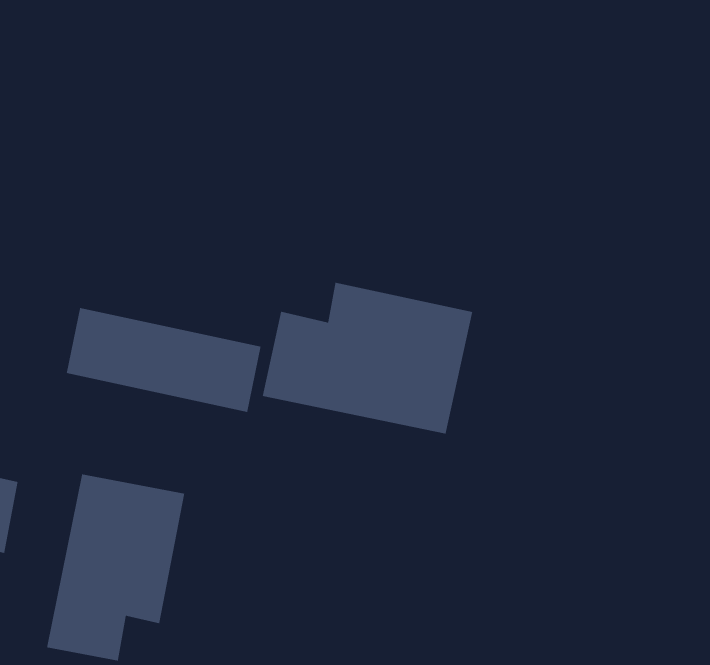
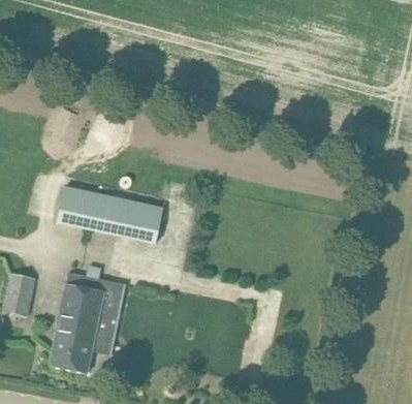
building: [262,282,473,434] -> none

